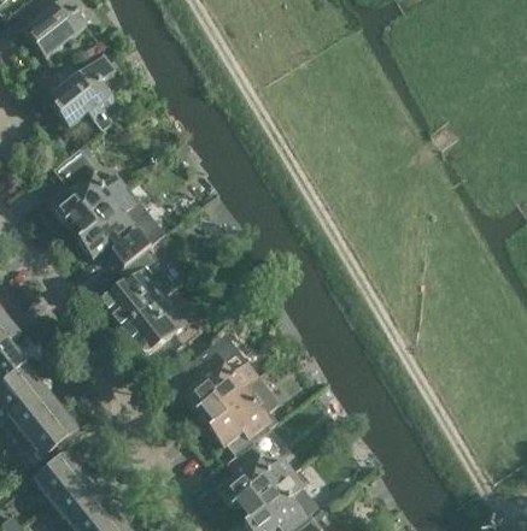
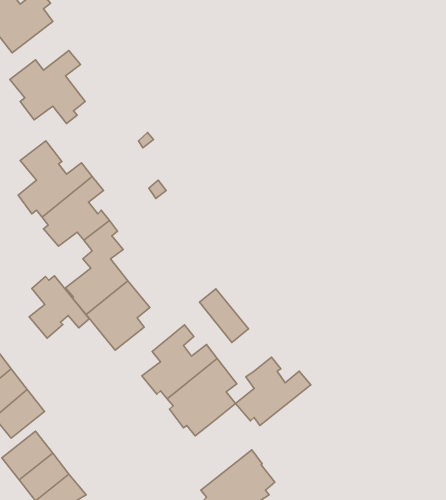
building: none -> [29,276,89,338]
building: none -> [199,289,248,342]
building: [217,442,295,513] -> [236,357,311,426]

